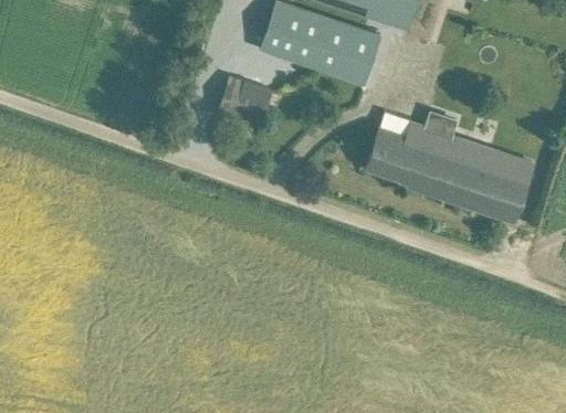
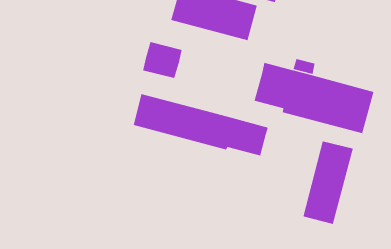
building: none -> [133,93,269,157]
building: none -> [303,140,354,225]

